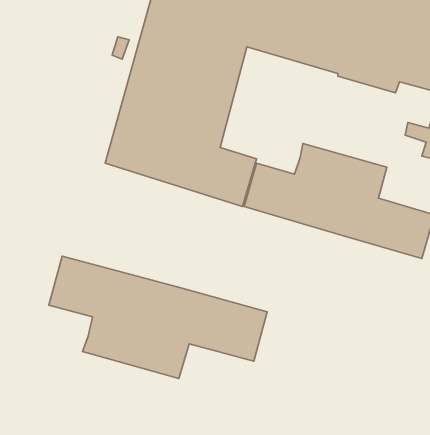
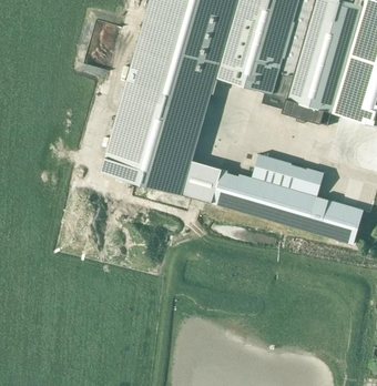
building: [49,256,267,378] -> none

